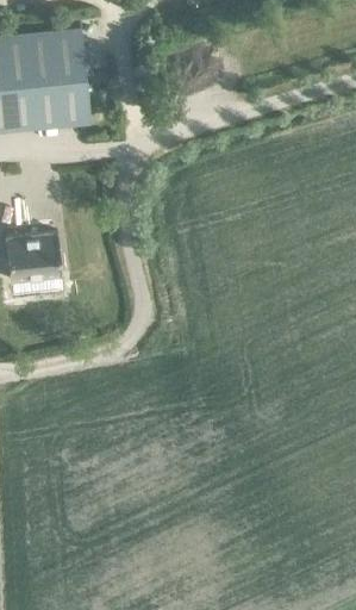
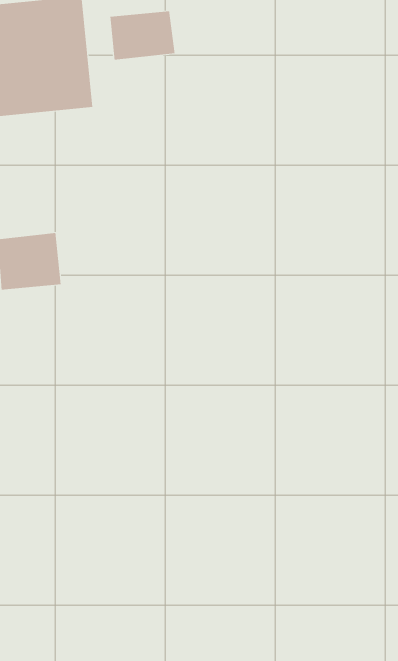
building: none -> [110,11,175,61]

